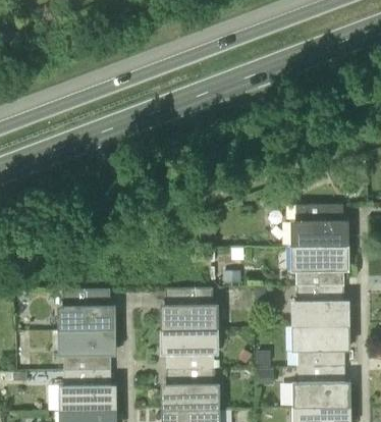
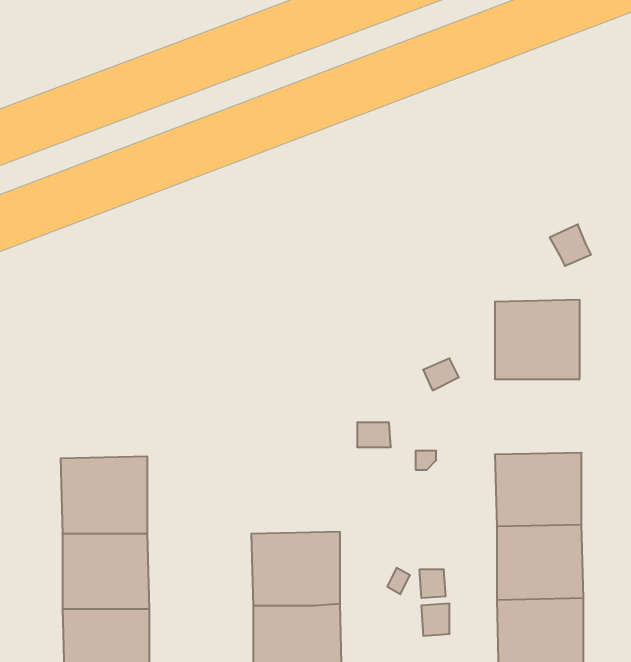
building: [297,247,344,287] -> none
building: [166,287,214,330] -> none

